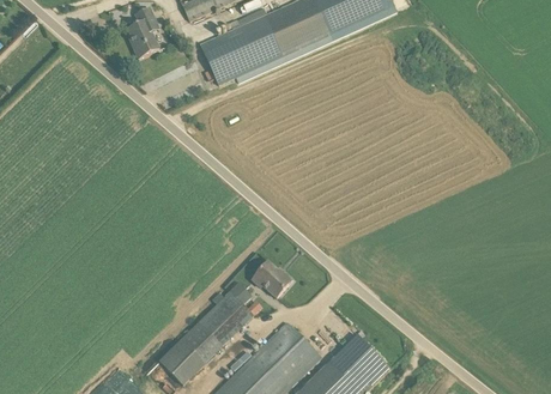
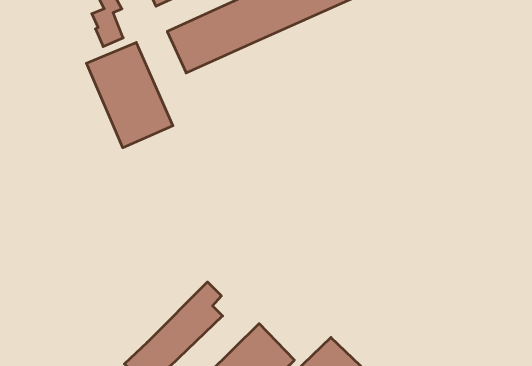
building: none -> [86,42,173,148]
building: [252,261,291,296] -> none

